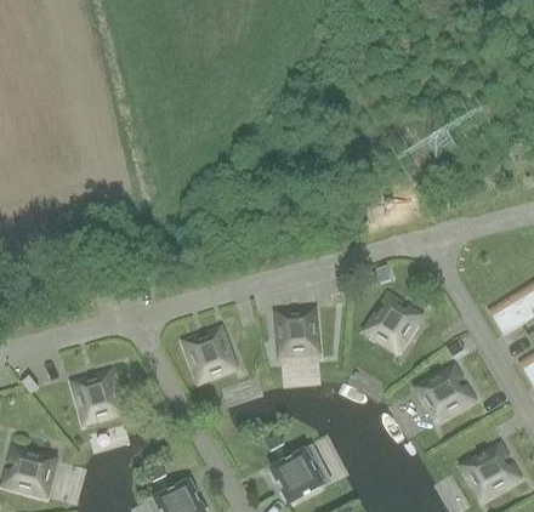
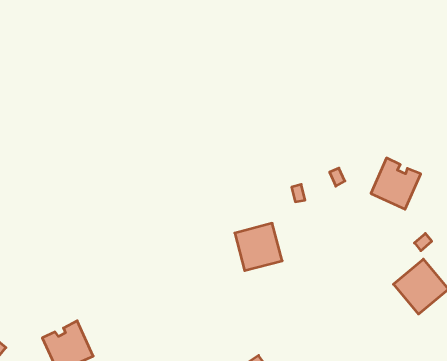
building: [370,296,421,348] -> [371,158,421,209]
building: [188,326,235,375] -> none

